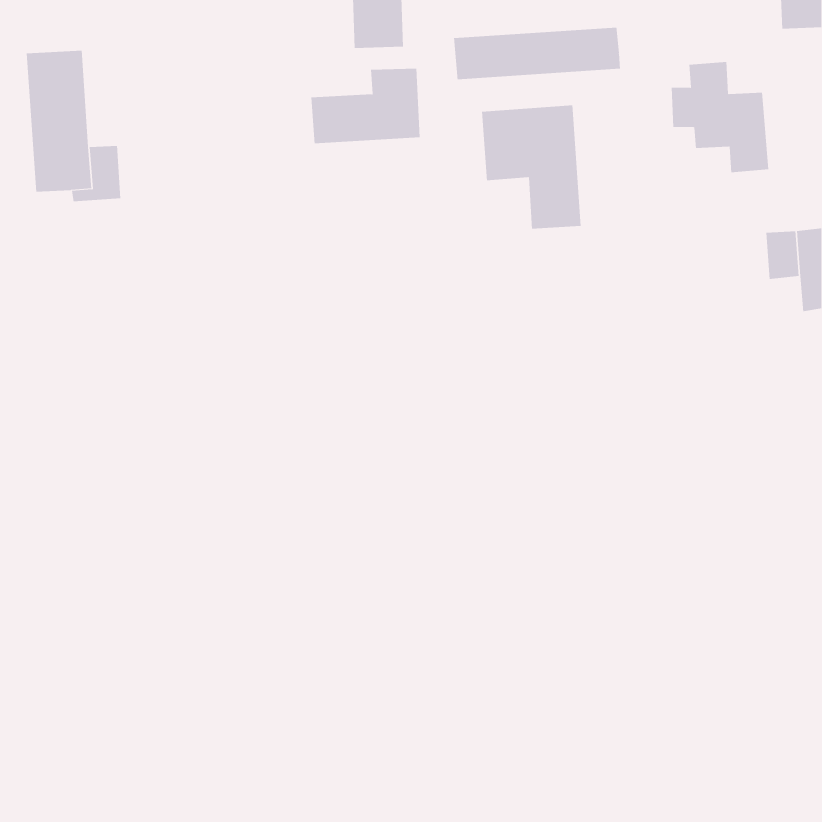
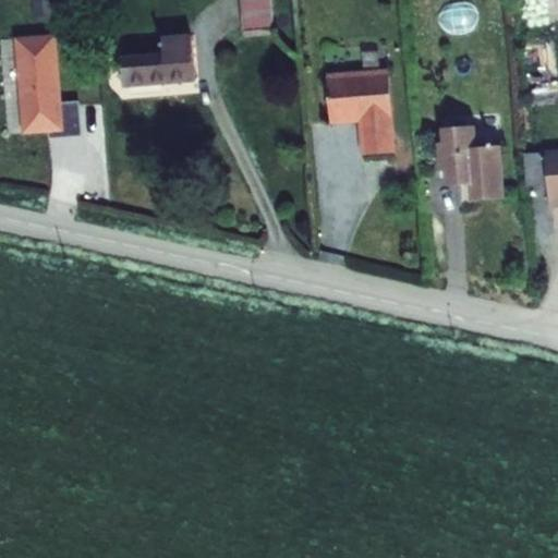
building: [454,27,620,80] -> none
building: [671,61,769,173] -> [435,126,501,202]
building: [311,68,420,144] -> [121,31,195,82]

